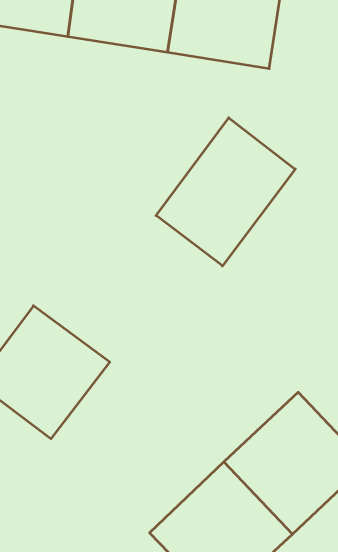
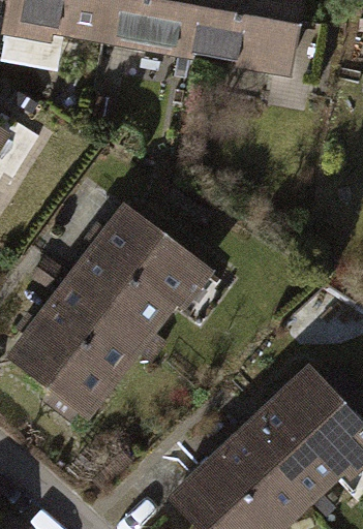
building: [156,118,295,266] -> none
building: none -> [67,215,195,343]

